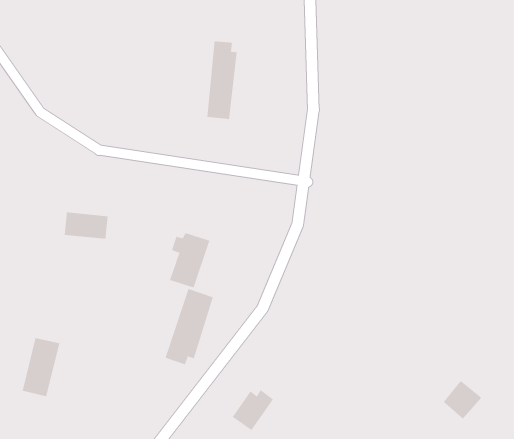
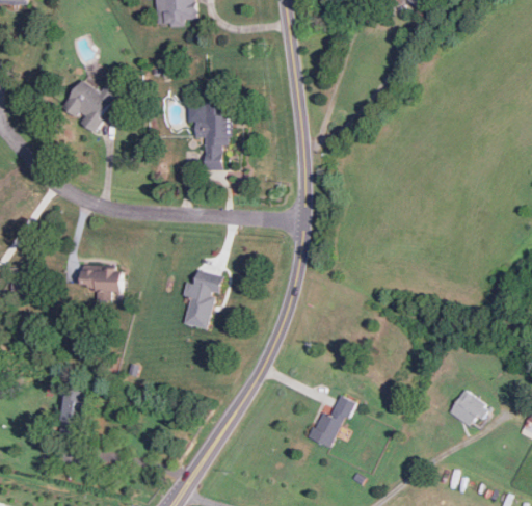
building: none -> [61,78,116,130]
building: [165,288,214,365] -> none
building: [232,389,274,431] -> [308,407,345,447]

